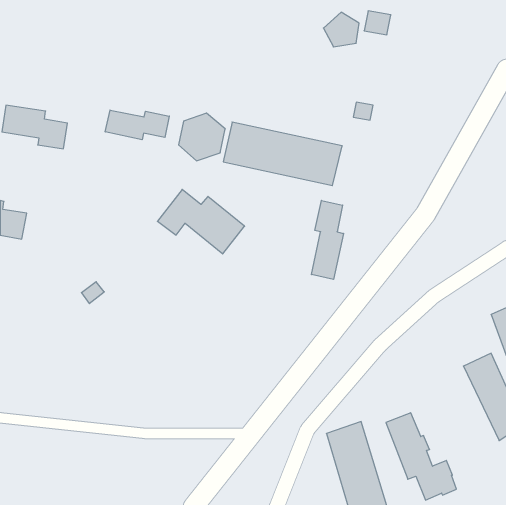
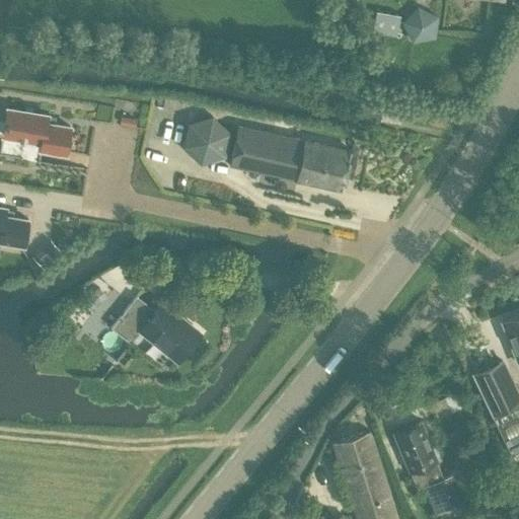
building: [323,12,359,47] -> [402,8,439,44]
building: [105,110,169,140] -> none
building: [157,189,245,254] -> [112,297,201,363]
building: [311,200,344,279] -> none

